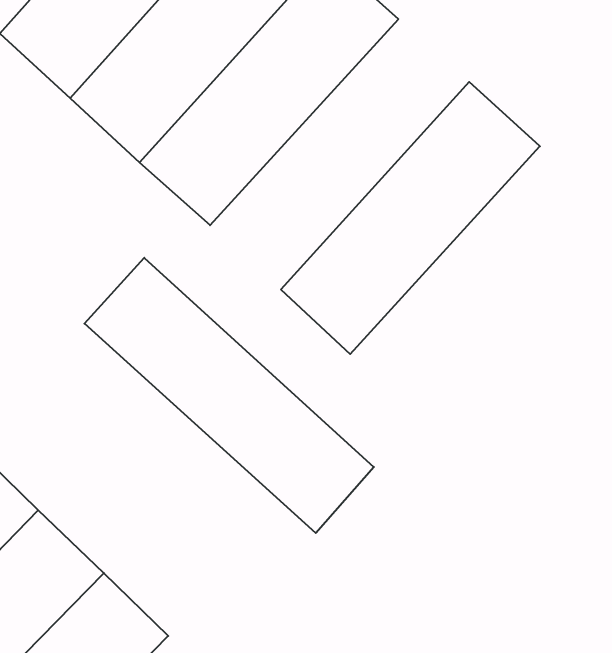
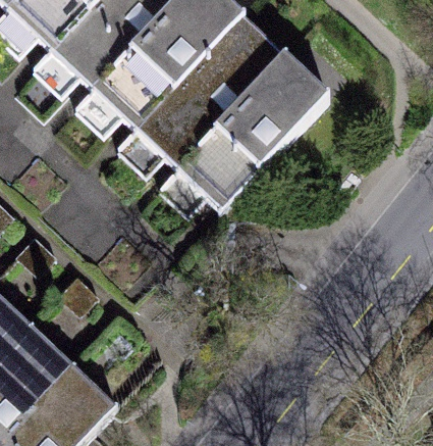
building: none -> [138,12,302,184]
building: [84,258,374,533] -> none

